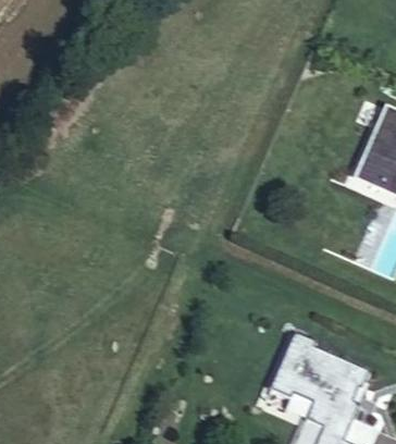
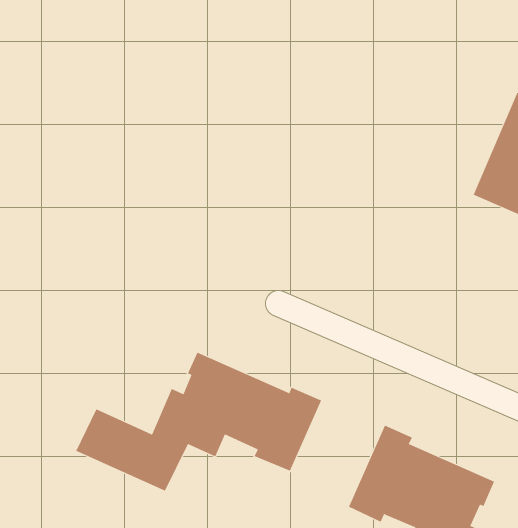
building: none -> [75,352,322,491]

